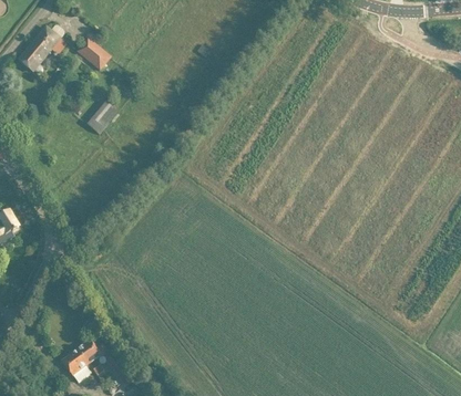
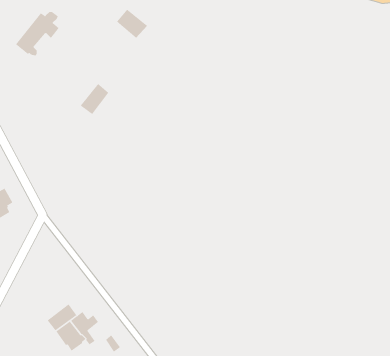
building: [78,38,111,69] -> [116,9,148,39]
building: none -> [47,303,77,331]

